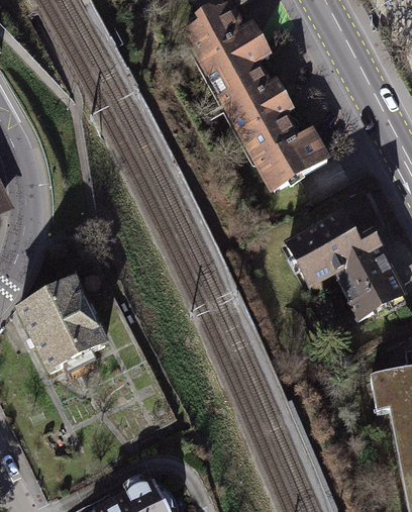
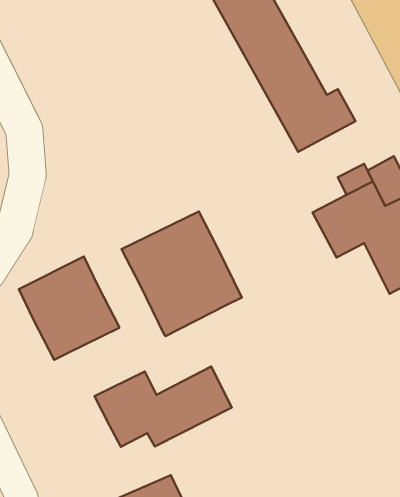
building: none -> [122,211,242,336]
building: none -> [95,366,232,447]

